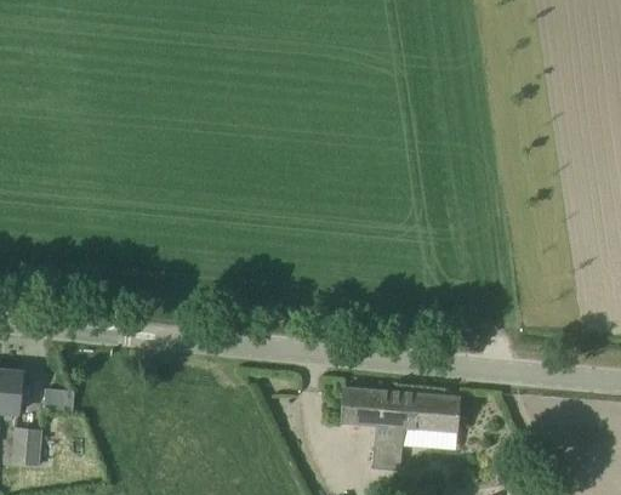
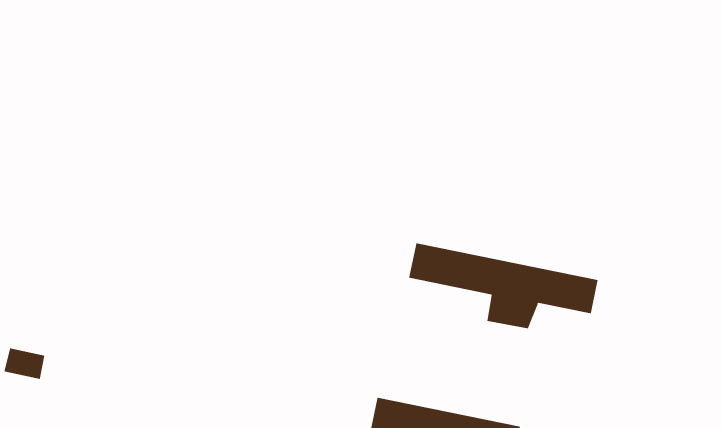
building: none -> [409,243,598,329]

